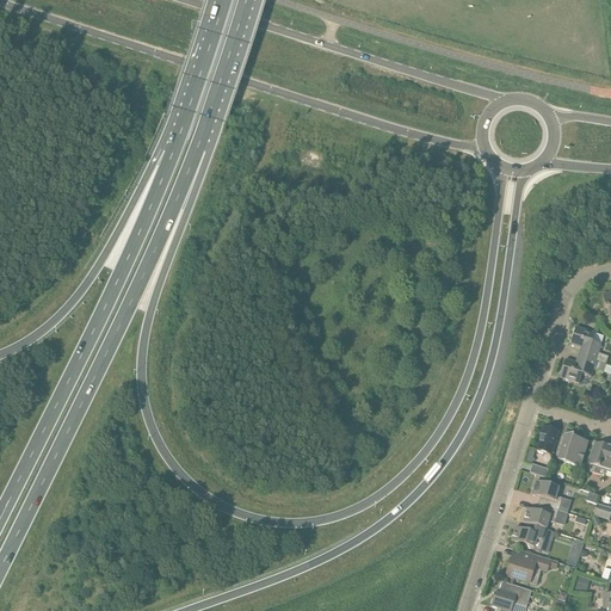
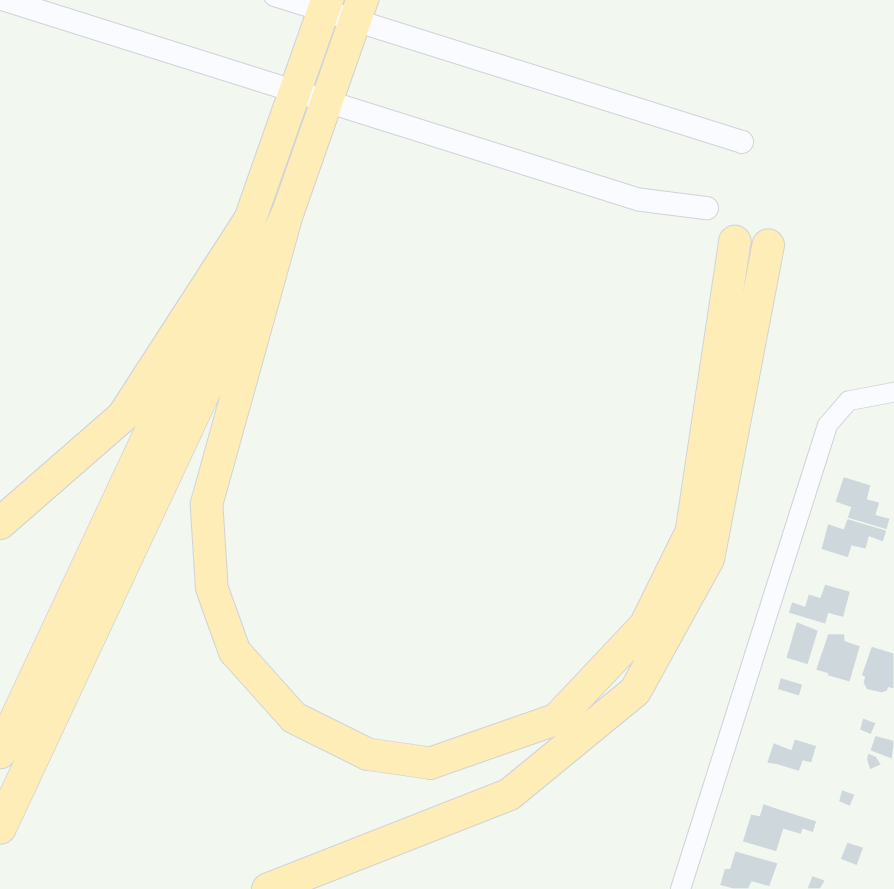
building: none -> [788,584,851,624]
building: [531,479,561,508] -> none
building: [511,521,545,548] -> none

